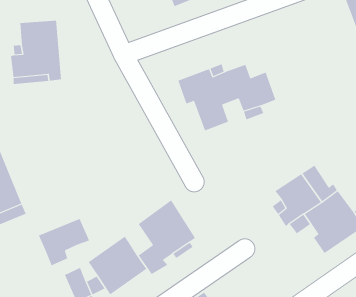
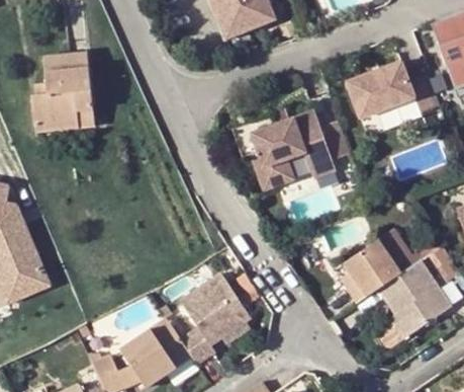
building: none -> [349,60,437,112]
building: [38,218,90,266] -> none

